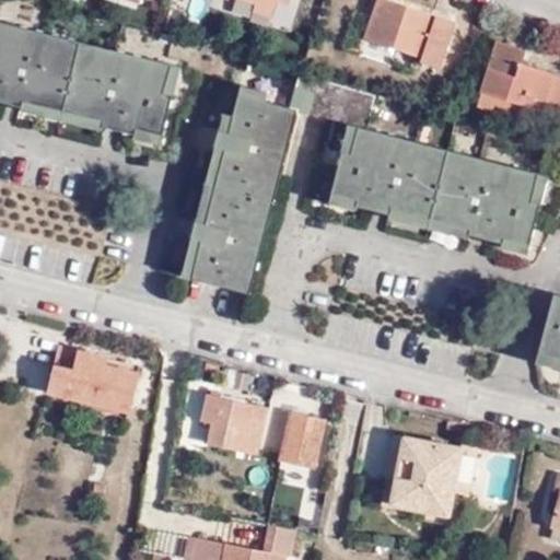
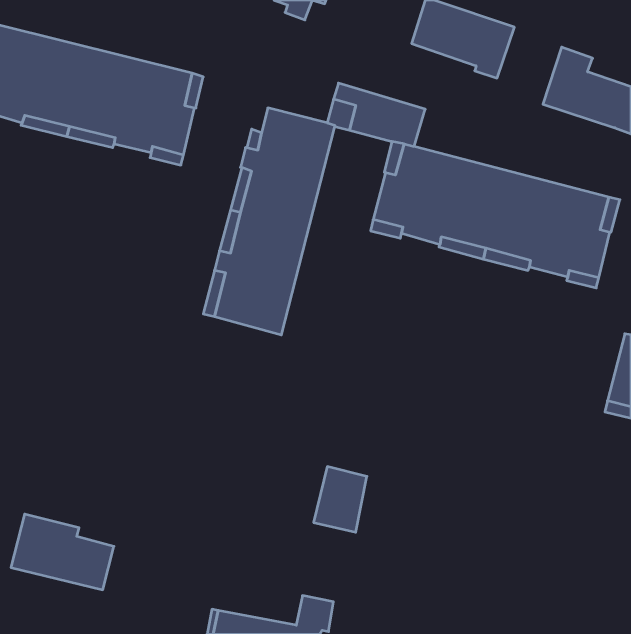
building: [46,346,137,412] -> [11,514,114,590]
building: [200,394,266,454] -> none
building: [378,434,462,516] -> none

